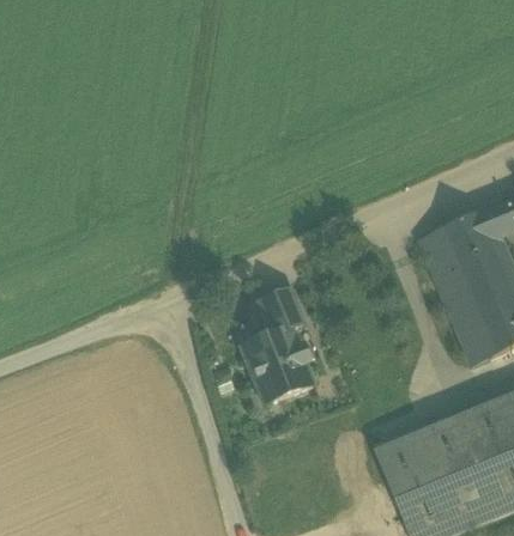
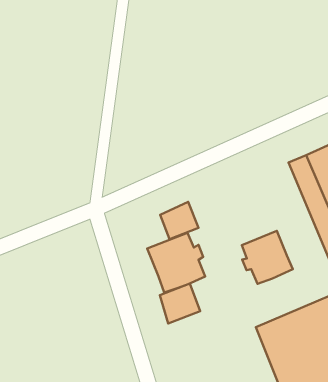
building: none -> [242,231,293,284]
building: none -> [160,284,200,323]

